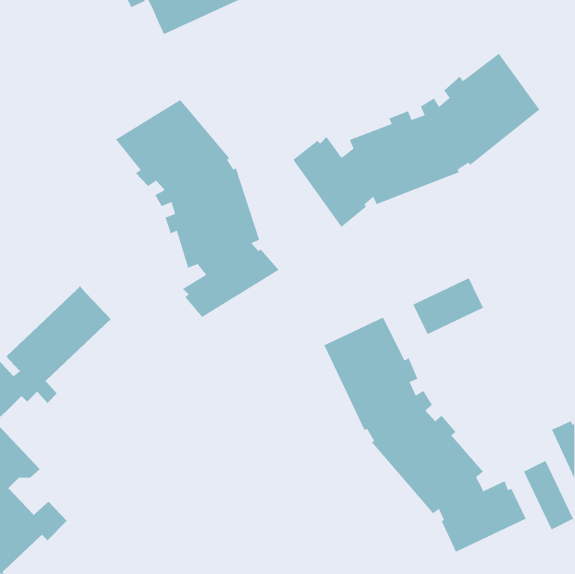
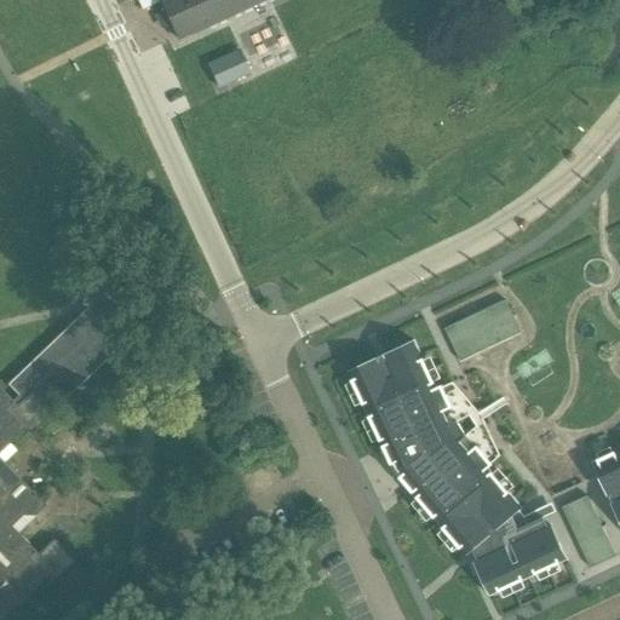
building: none -> [207,48,247,85]
building: [292,53,540,228] -> none
building: [115,99,280,318] -> none

